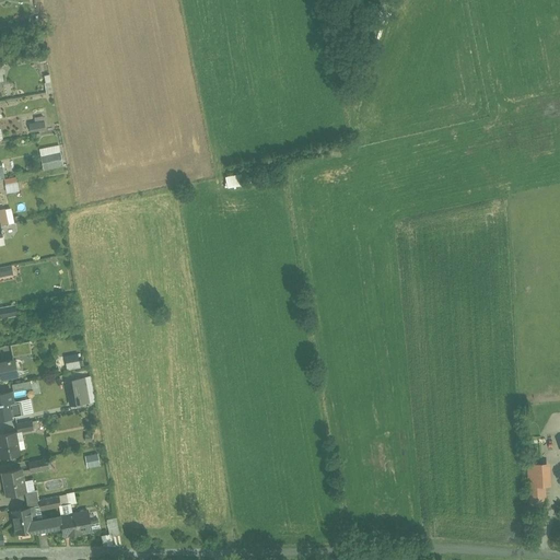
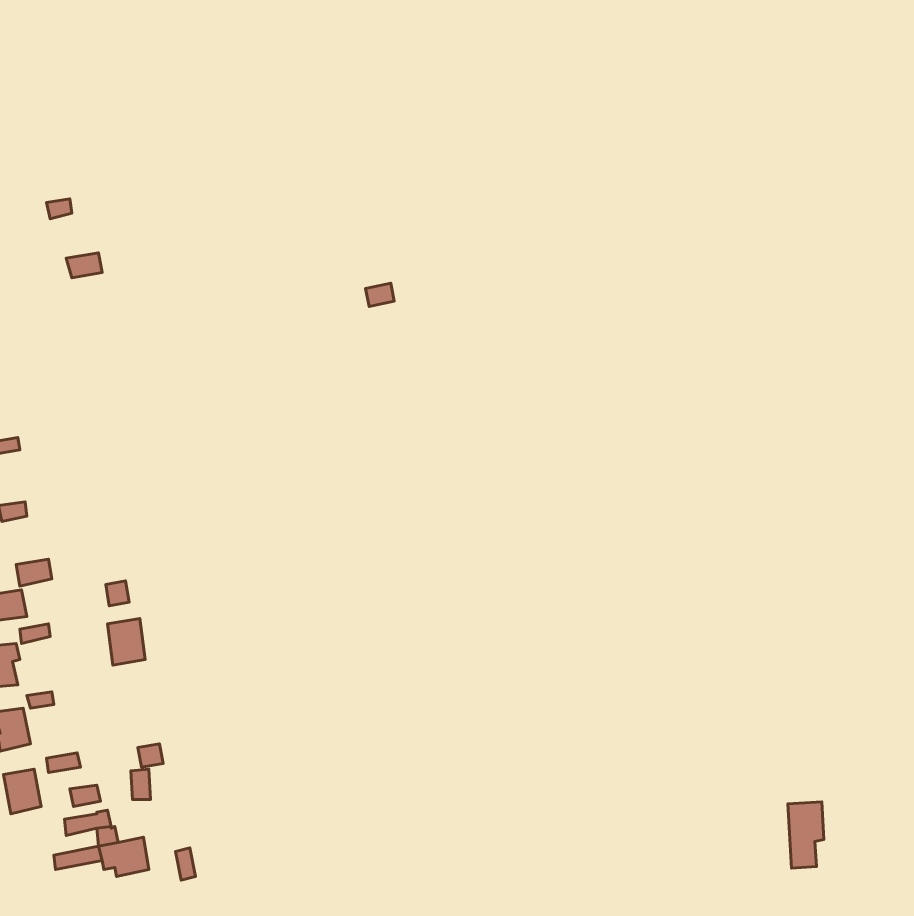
building: [527,464,549,504] -> [788,802,824,868]
building: [12,506,36,534] -> none

